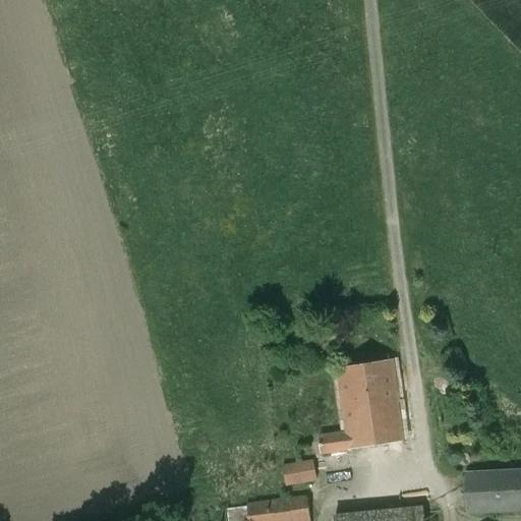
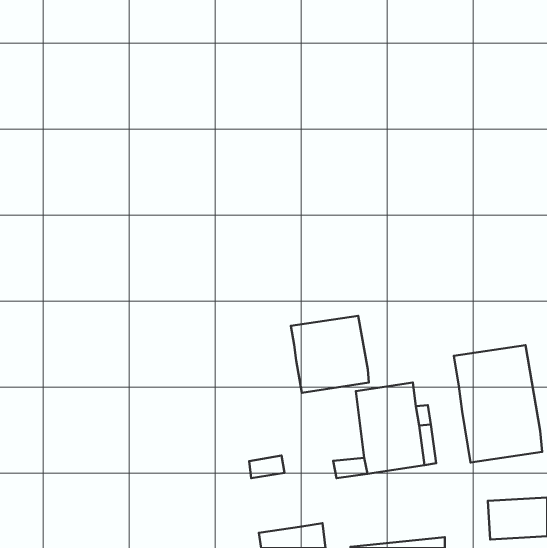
building: none -> [291,316,369,393]
building: none -> [454,345,542,463]
building: [282,462,315,483] -> [249,456,285,478]

